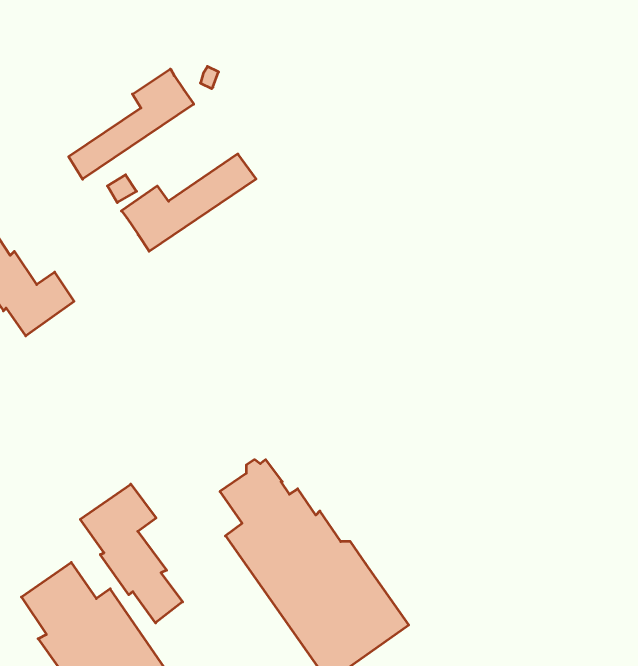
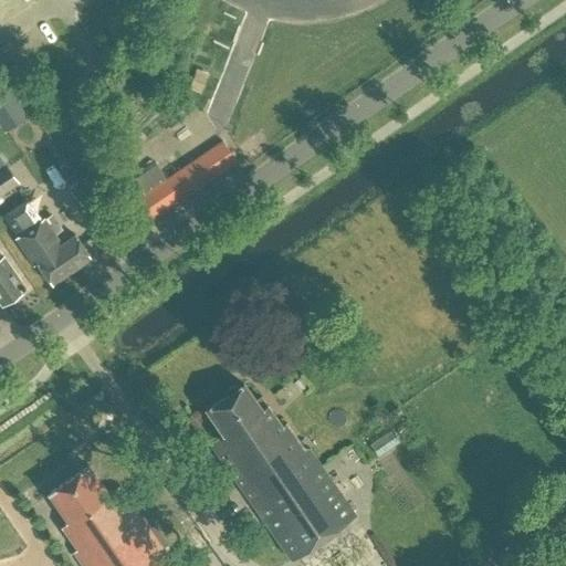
building: [69,69,194,179] -> none
building: [80,484,183,623] -> none

